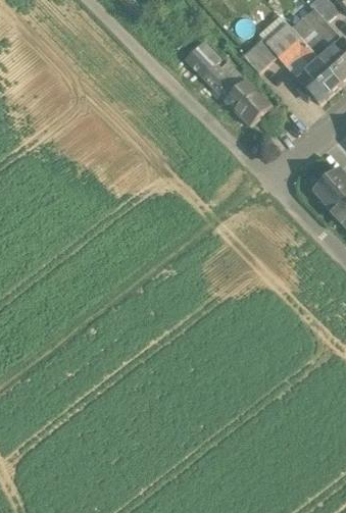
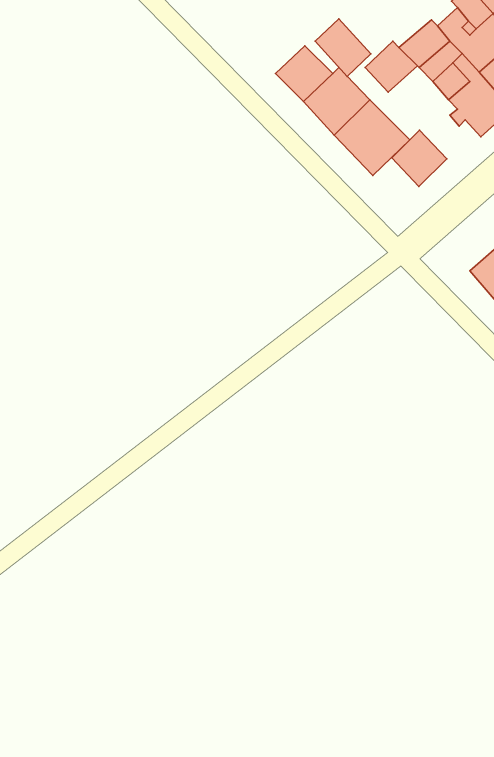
building: none -> [315,19,371,76]
building: none -> [392,130,447,187]

